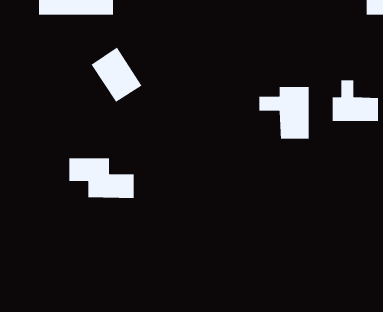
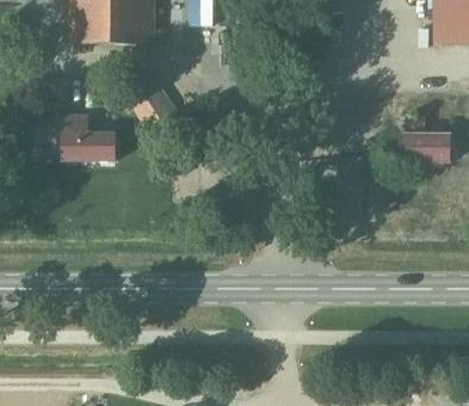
building: [258,86,309,139] -> none
building: [68,157,134,199] -> [42,115,116,161]

